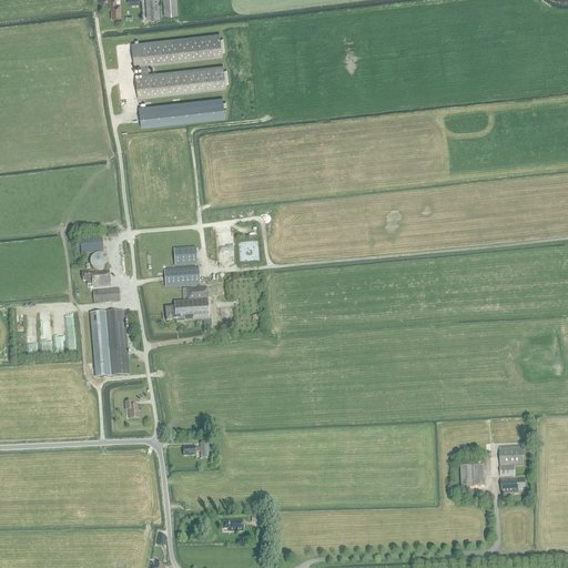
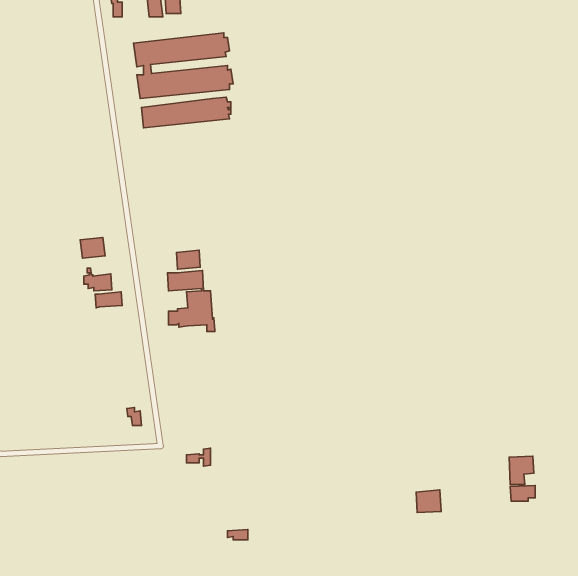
building: [90,308,129,376] -> none
building: [460,463,485,485] -> [416,490,441,513]

